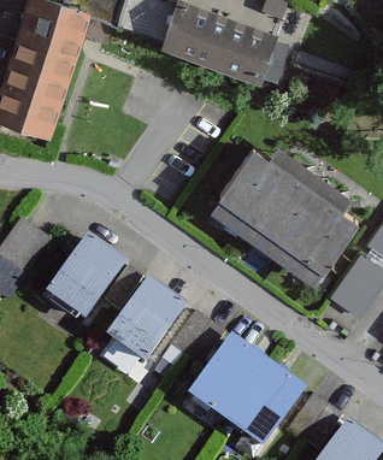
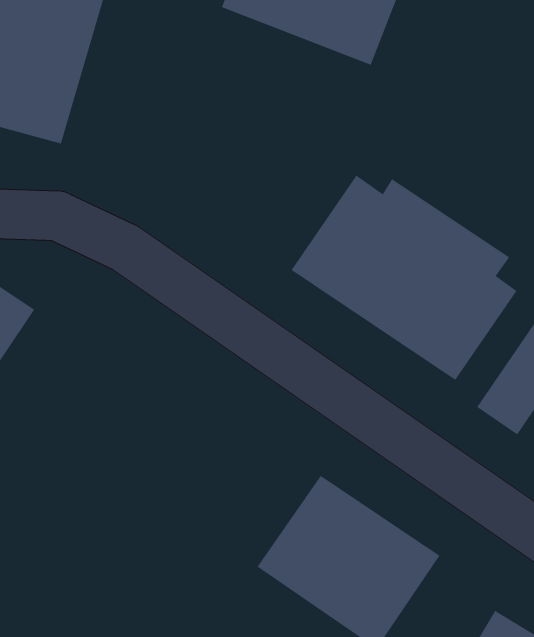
building: [48,238,125,322] -> none
building: [110,283,184,362] -> none

